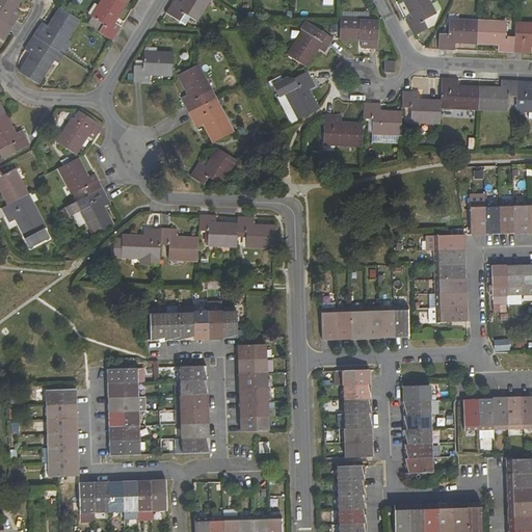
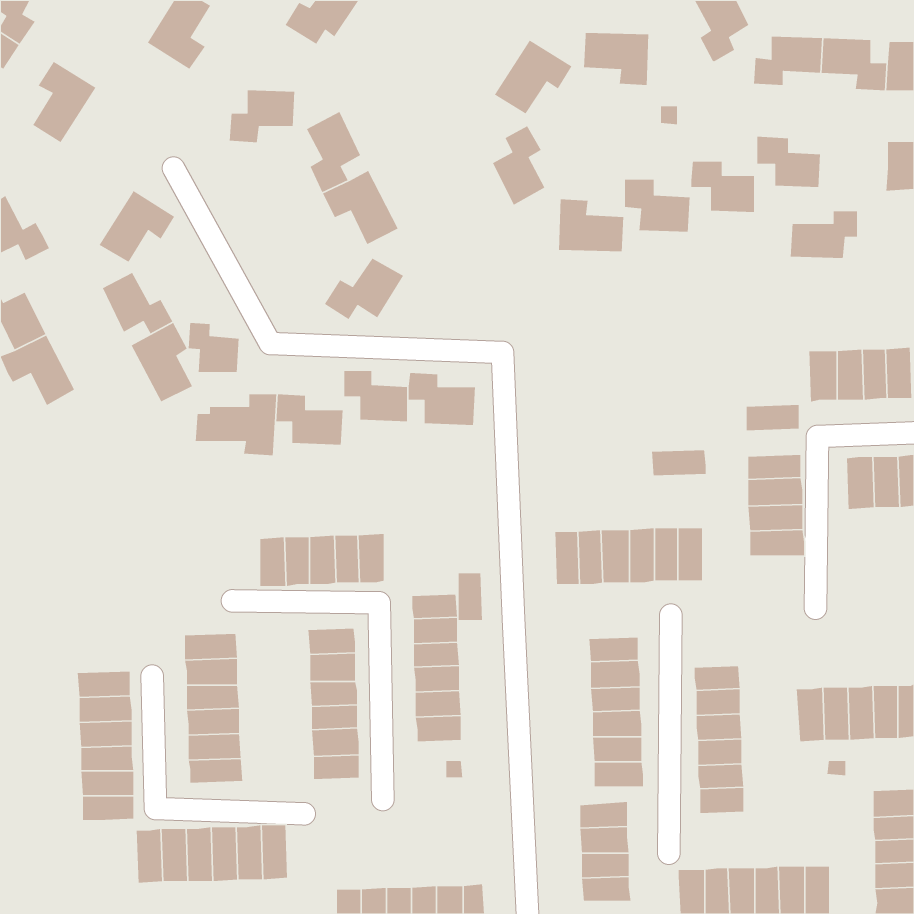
building: [31,8,77,51] -> none
building: [476,82,515,110] -> [790,211,858,259]
building: none -> [188,322,239,373]
building: [433,249,466,265] -> [651,449,706,476]
building: [223,310,238,338] -> [458,573,483,621]

